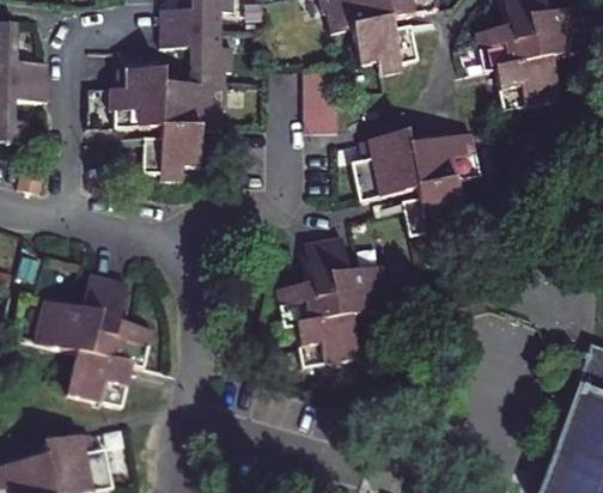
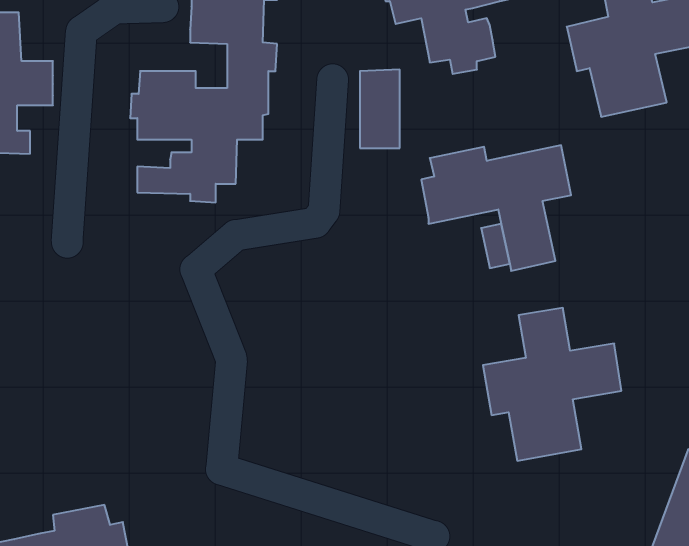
building: [275,237,391,365] -> [483,308,621,461]
building: [35,274,151,404] -> none

